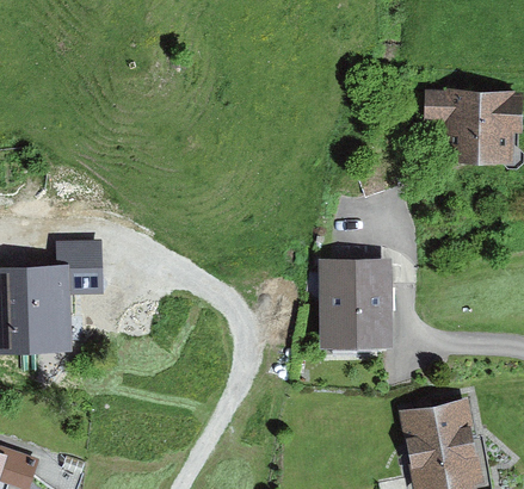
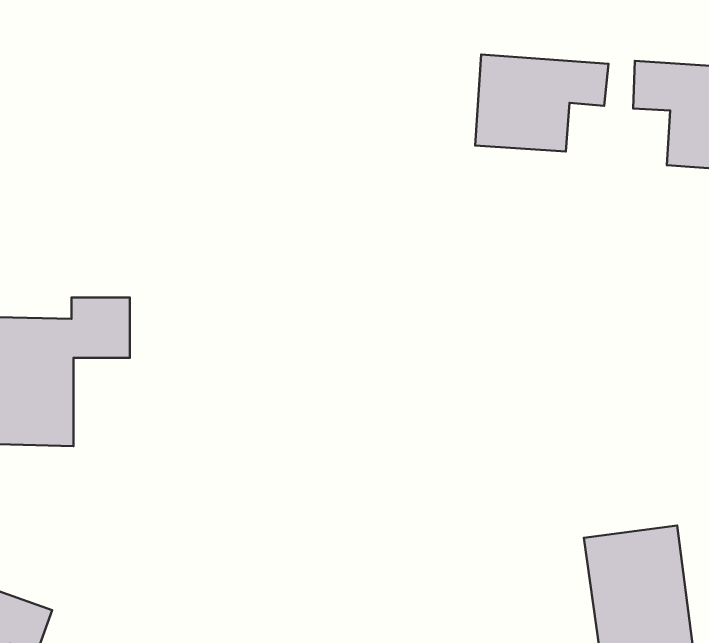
building: none -> [475,55,608,151]
building: [325,267,389,348] -> none

